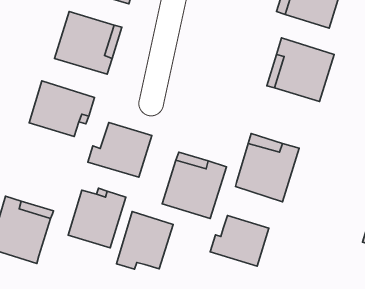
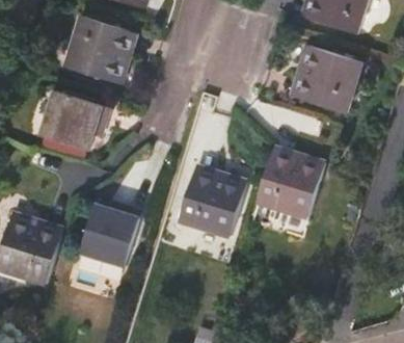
building: [88,122,152,177] -> none
building: [116,211,173,269] -> none
building: [210,215,269,266] -> none

